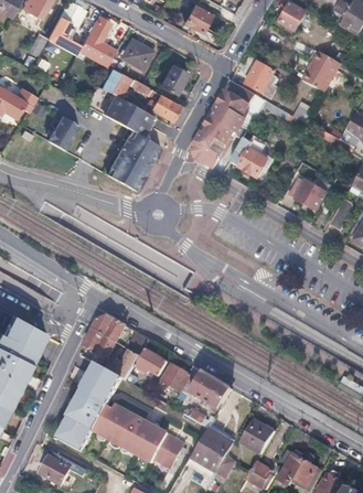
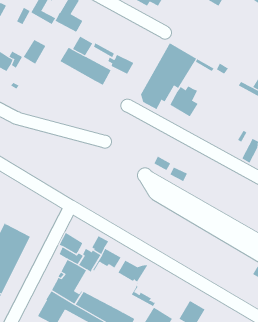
building: [120,39,154,72] -> none
building: [301,52,340,94] -> none
building: [245,61,284,98] -> none
building: [160,65,188,95] -> none
building: [47,117,78,150] -> [23,39,46,64]
building: [106,130,160,190] -> none
building: [288,178,325,210] -> none
building: [93,317,126,343] -> none
building: [189,372,231,410] -> none

